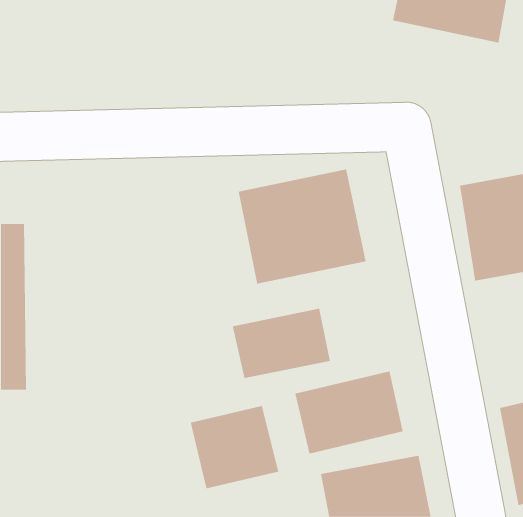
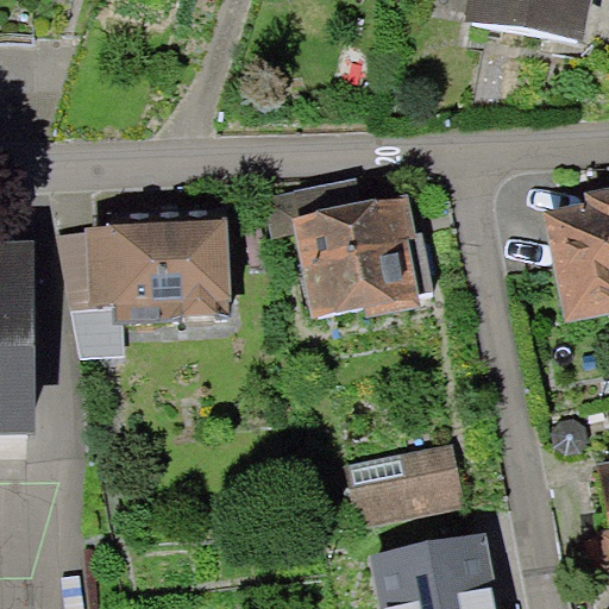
building: none -> [80,215,238,334]
building: [232,308,330,379] -> none
building: [190,405,279,489] -> none

